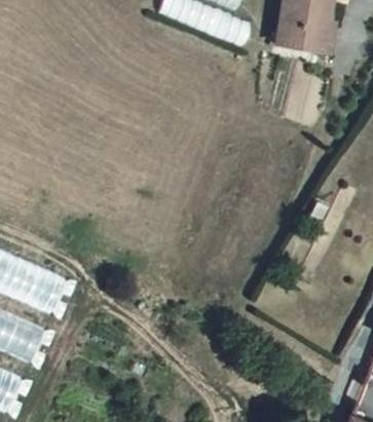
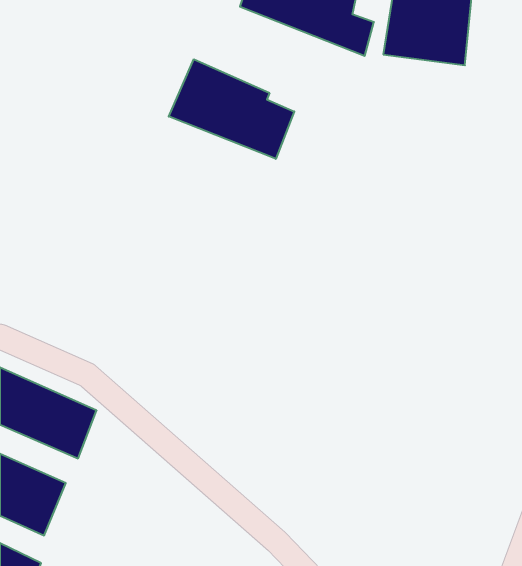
building: none -> [169,59,294,159]

